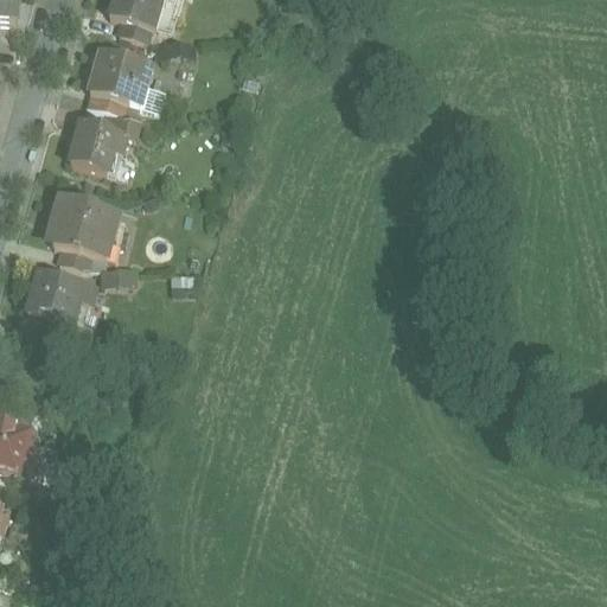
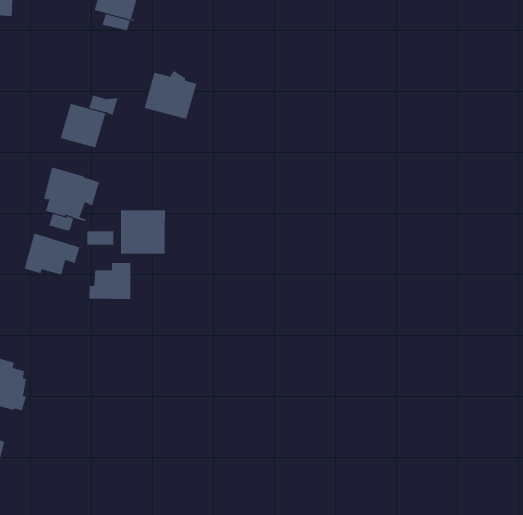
building: [88,46,149,103] -> [144,70,197,120]
building: none -> [120,208,165,255]
building: none -> [89,262,131,300]

